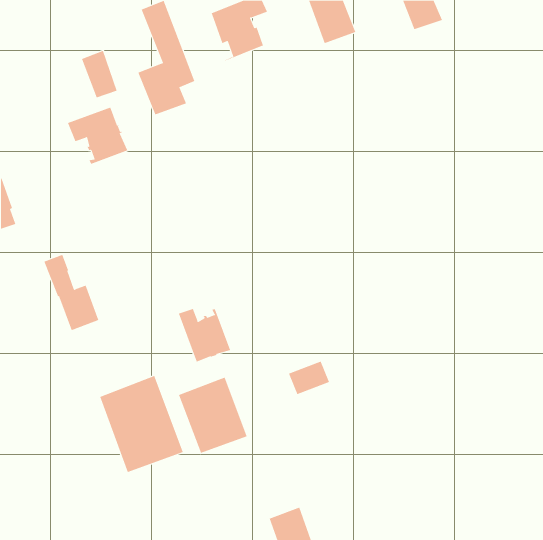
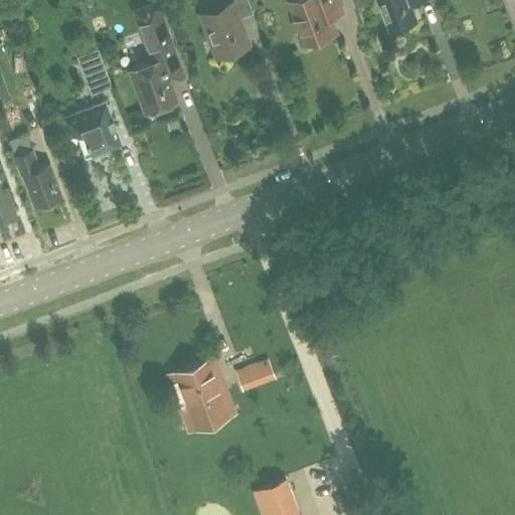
building: [44,254,99,331] -> [10,137,62,209]
building: [178,308,231,362] -> none
building: [288,361,330,395] -> [236,362,276,394]
building: [99,375,184,473] -> none

